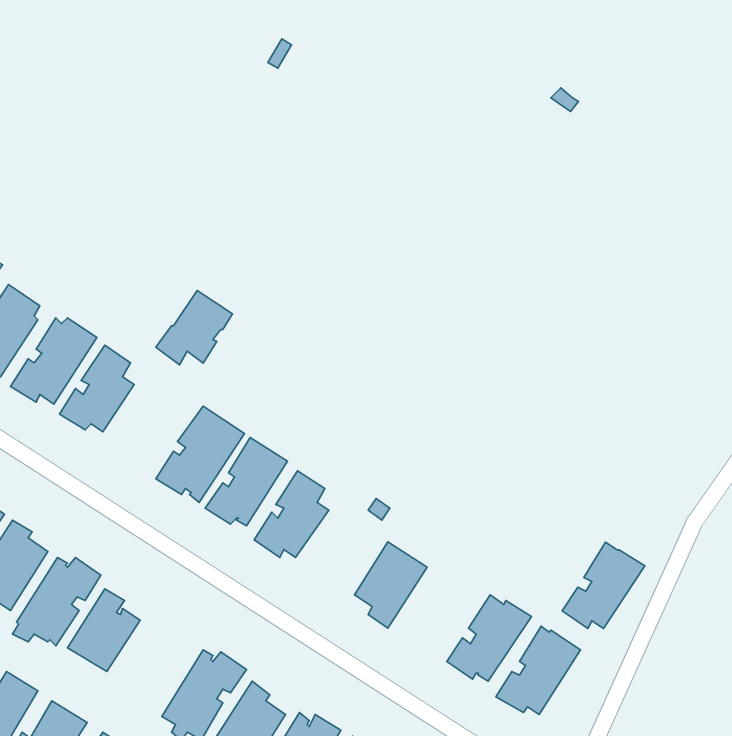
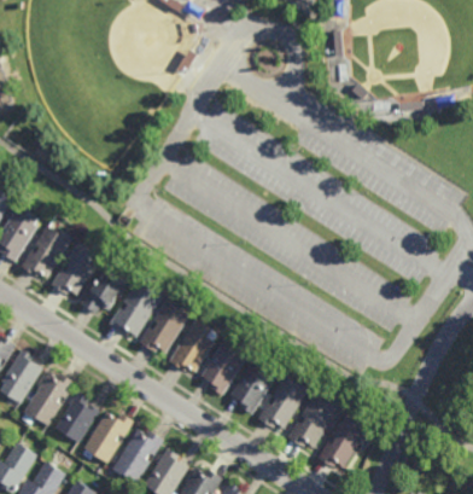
building: [156,290,233,365] -> [80,268,127,314]
building: none -> [200,344,246,396]
building: [562,542,645,629] -> [258,377,309,430]
building: none -> [82,413,134,465]

